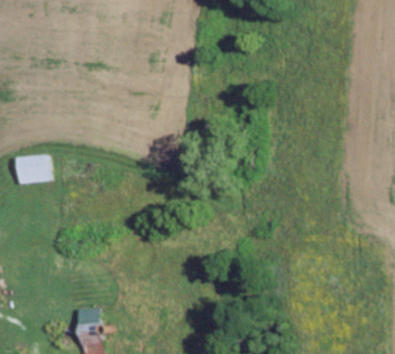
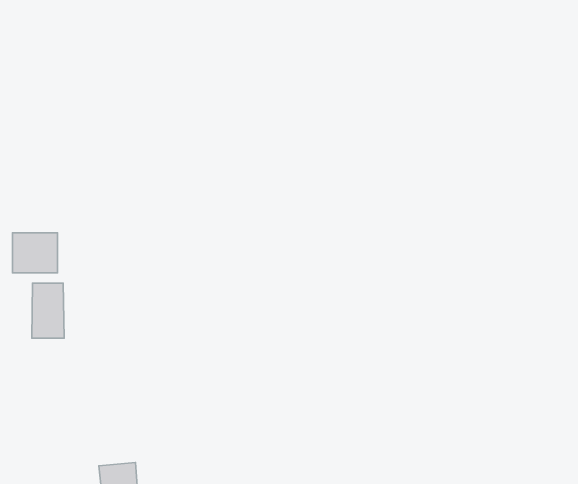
building: none -> [32,283,64,338]

